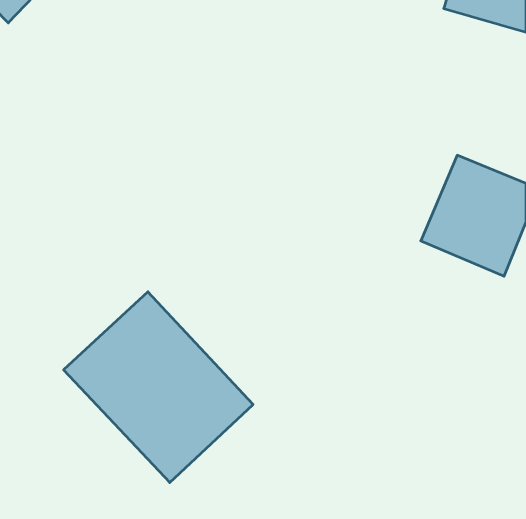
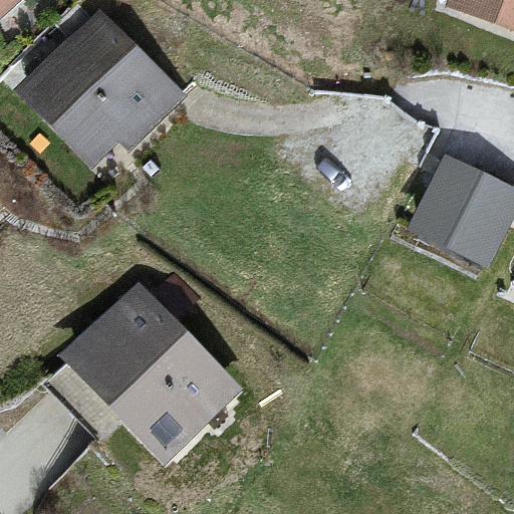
building: none -> [11,7,184,178]

